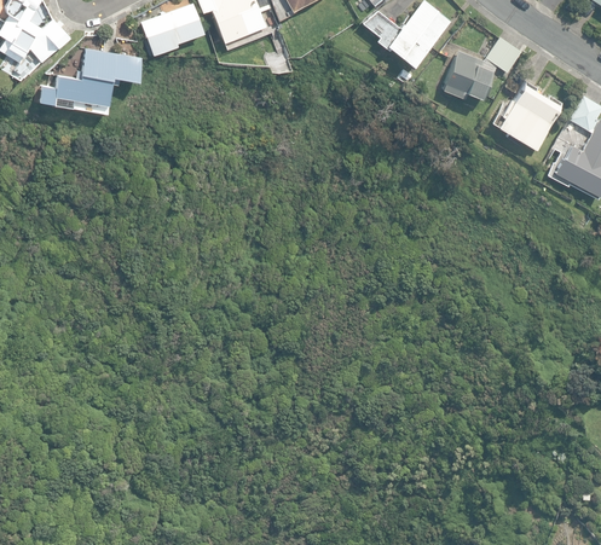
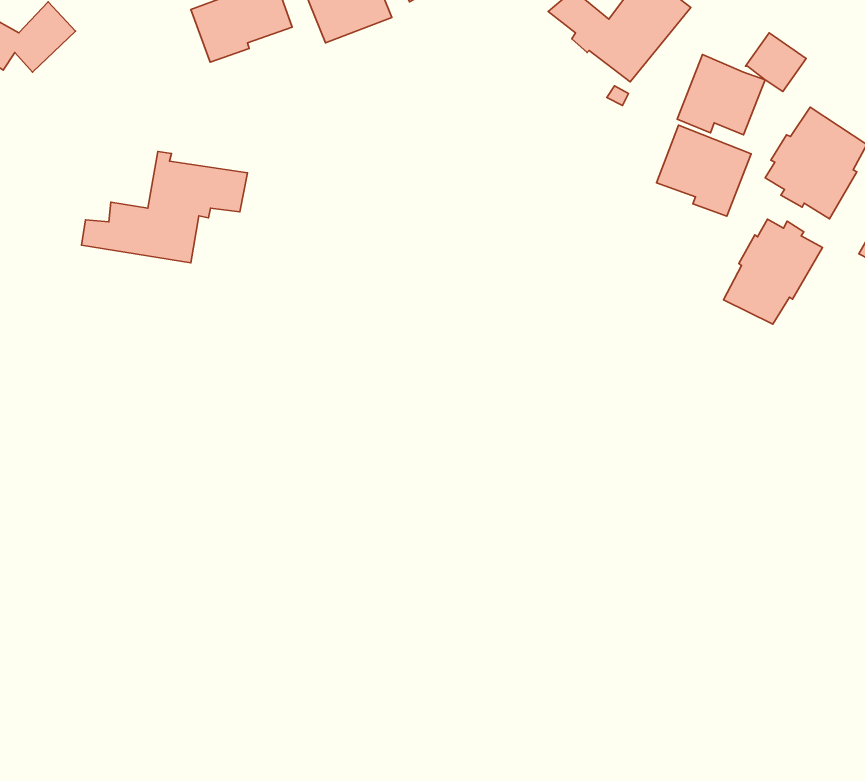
building: [40,45,143,114] -> [81,151,248,263]
building: none -> [656,125,751,216]
building: none -> [724,219,822,324]

